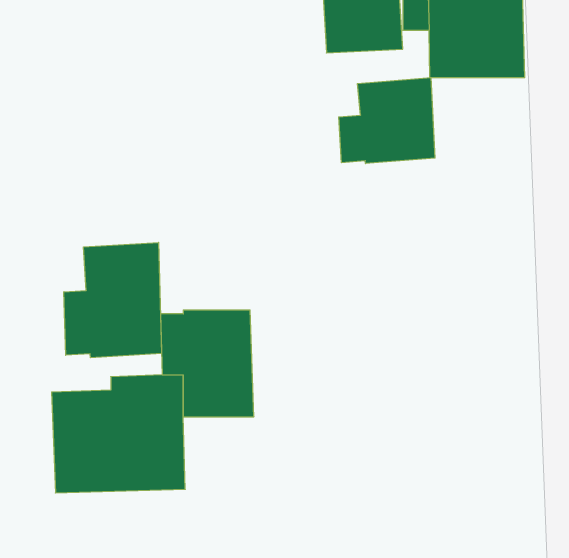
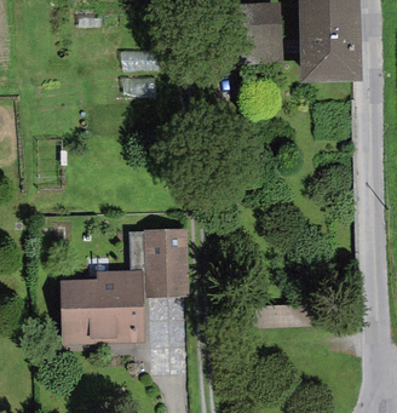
building: [339,78,435,164] -> none
building: [64,242,161,358] -> none

